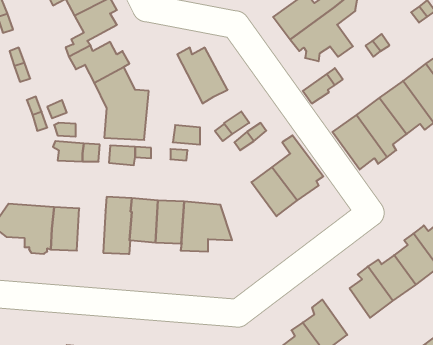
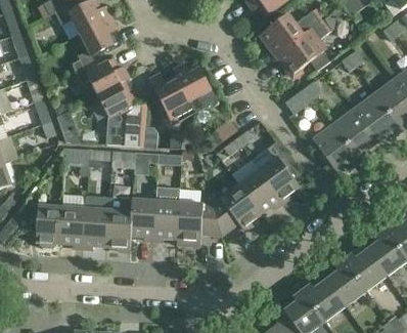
building: none -> [148,69,195,121]
building: none -> [212,183,262,236]
building: none -> [83,196,109,247]
building: none -> [303,279,346,321]

